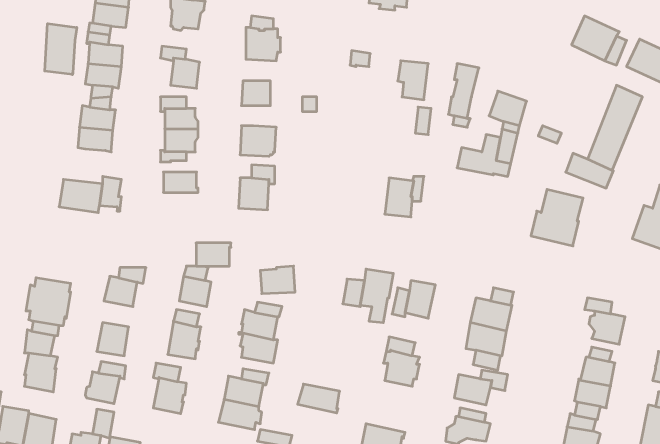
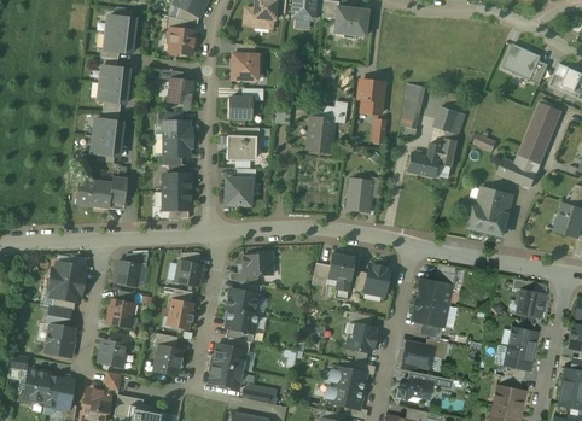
building: [45,24,77,75] -> none
building: none -> [305,100,347,152]
building: [196,243,231,266] -> [162,191,191,210]
building: [298,384,340,413] -> [331,367,366,391]

